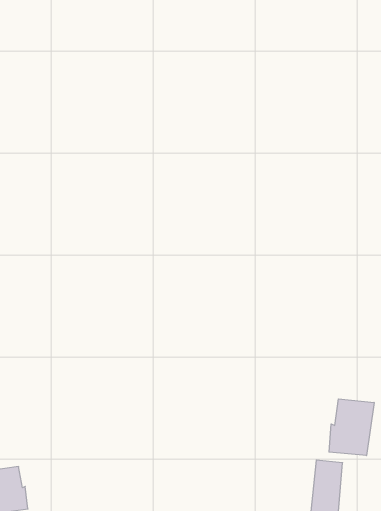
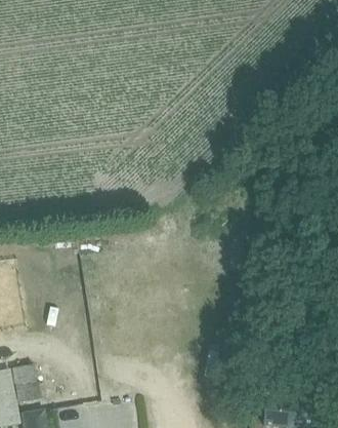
building: [329,399,374,456] -> none

